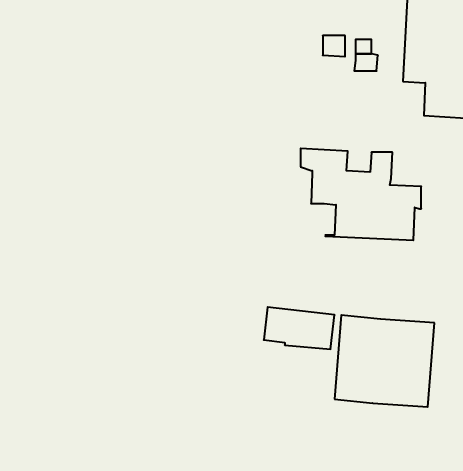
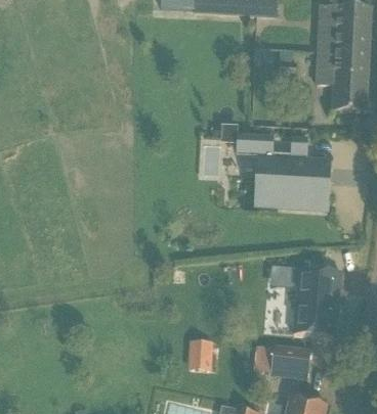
building: [264,307,335,349] -> [254,342,309,375]
building: none -> [188,337,213,367]

